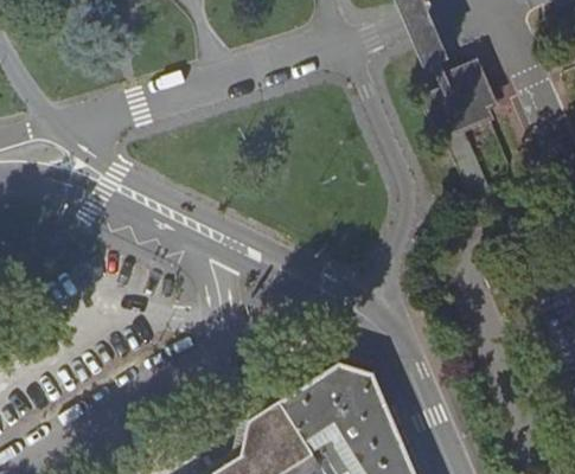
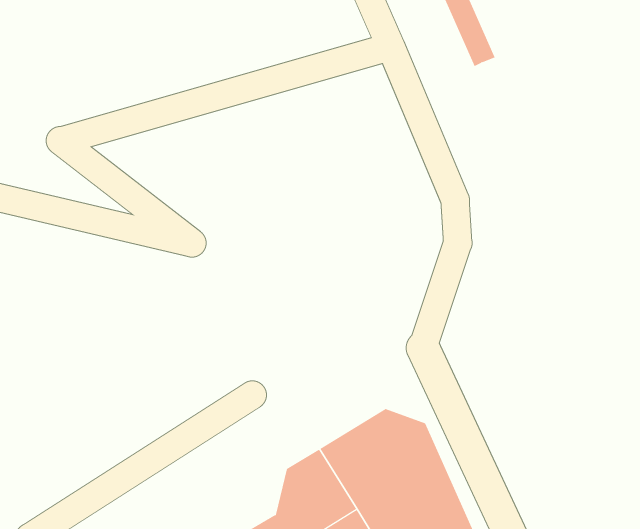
building: [421,62,493,137] -> none

